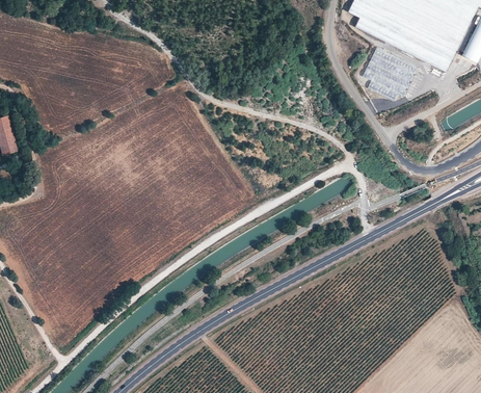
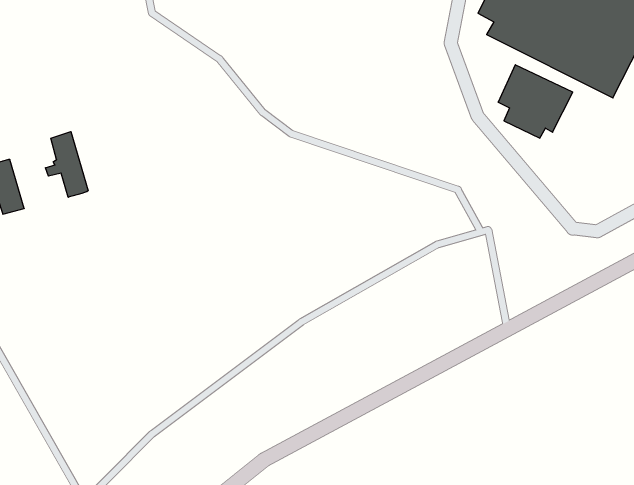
building: none -> [45,132,88,197]

